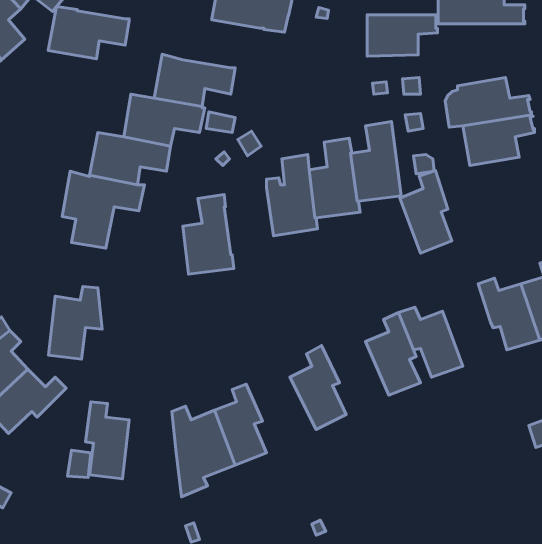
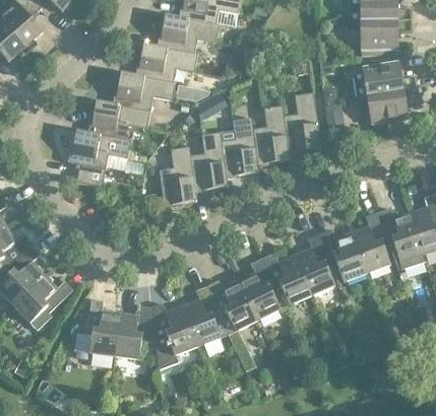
building: [48,7,129,59] -> [159,14,219,53]
building: [367,15,437,56] -> [360,20,412,51]
building: [400,171,452,253] -> [351,212,389,273]
building: none -> [189,132,228,191]
building: [48,286,102,359] -> [114,305,153,359]
building: none -> [261,253,311,304]
building: none -> [205,280,257,331]

